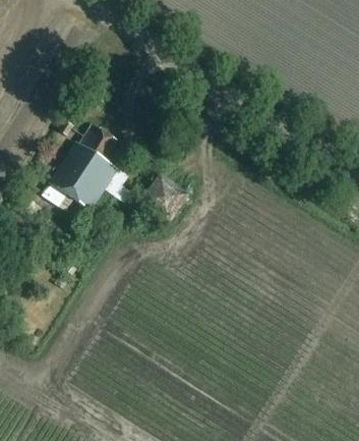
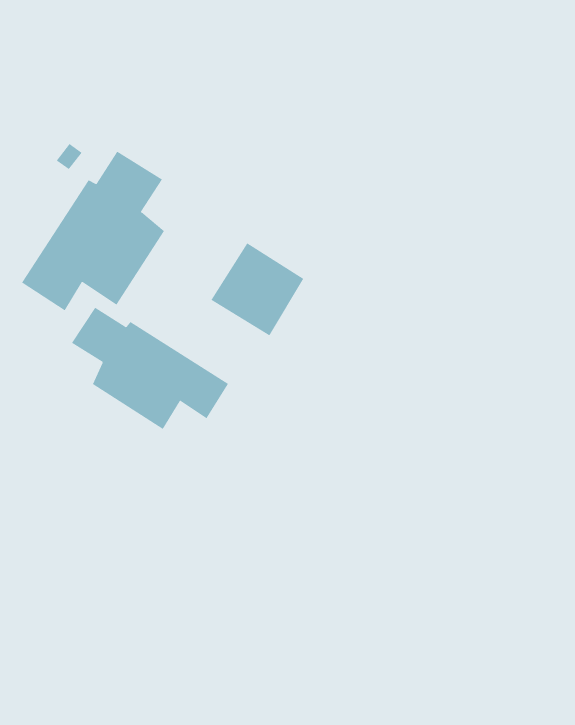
building: none -> [71,307,229,430]

